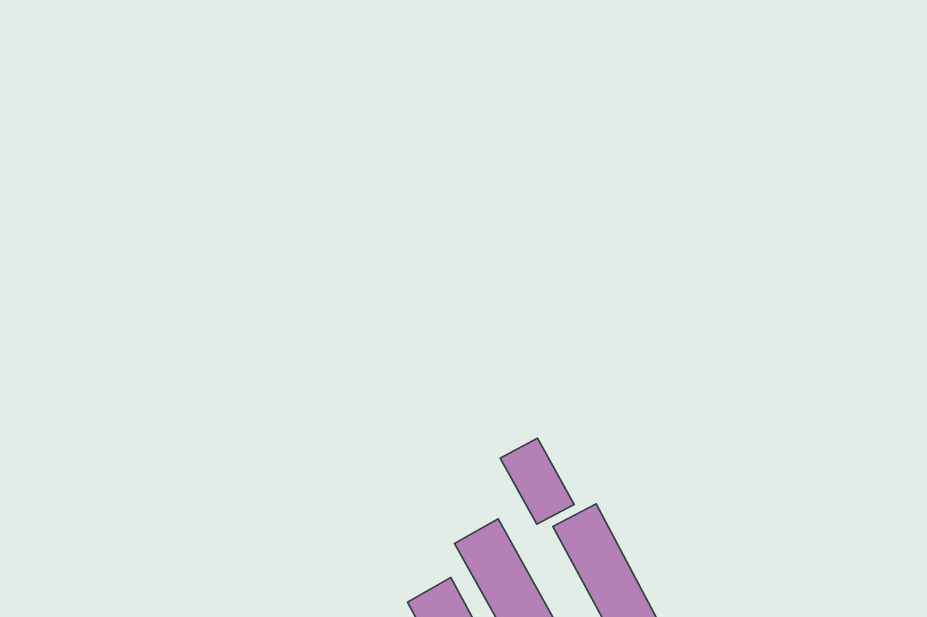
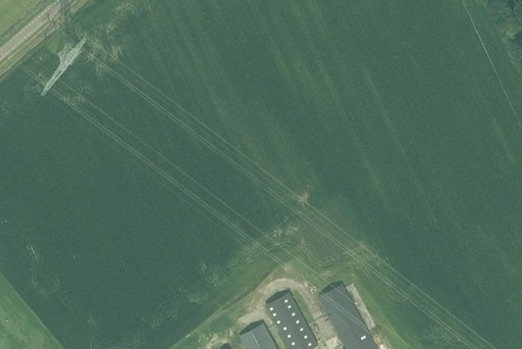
building: [500,438,574,524] -> none

